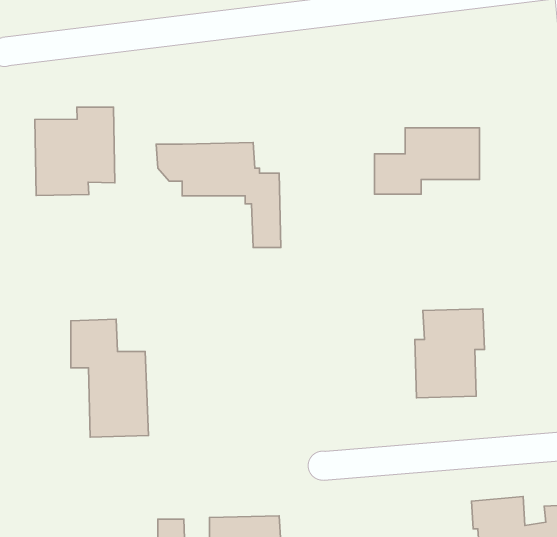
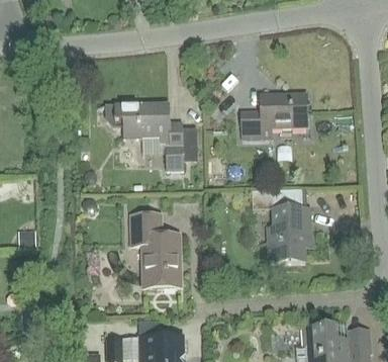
building: [35,107,115,195] -> none
building: [71,319,148,437] -> [131,213,180,287]

